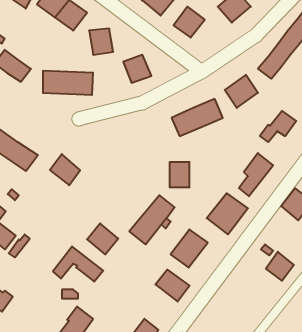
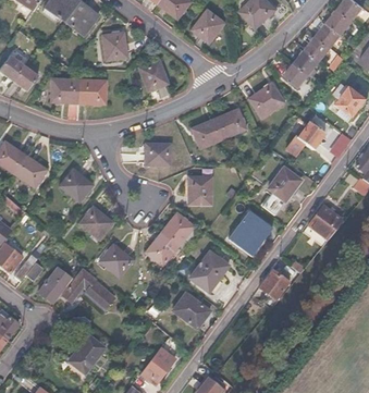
building: none -> [145,143,171,165]
building: none -> [78,206,112,240]
building: none -> [38,267,71,302]
building: [266,252,294,281] -> [259,268,290,299]

